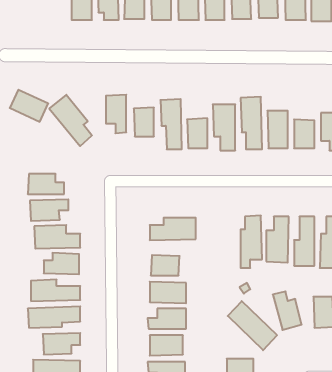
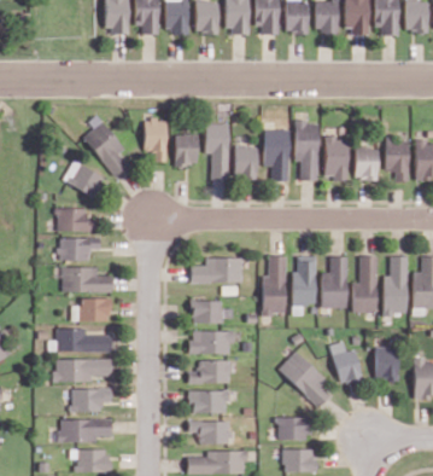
building: [10,90,48,122] -> [62,161,105,197]
building: none -> [265,255,289,314]

